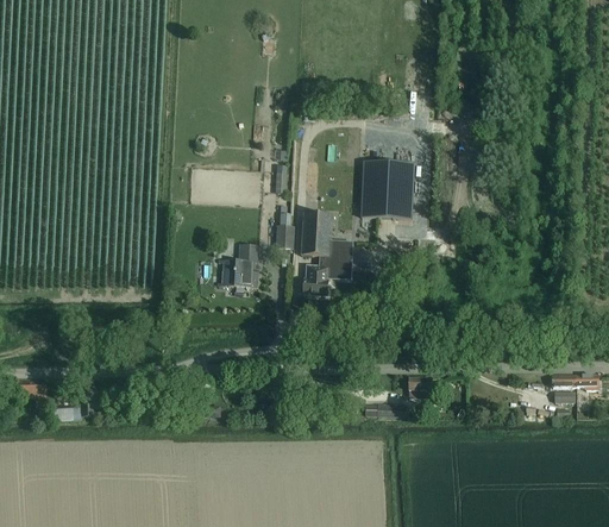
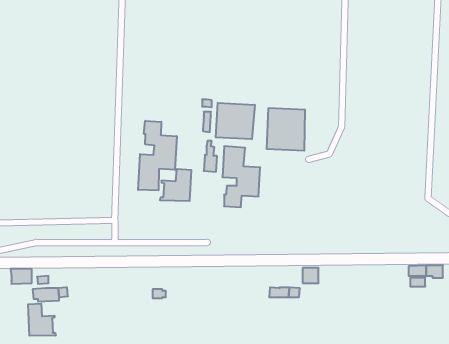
building: none -> [216,103,255,139]
building: none -> [138,121,177,190]
building: none -> [28,304,56,336]

